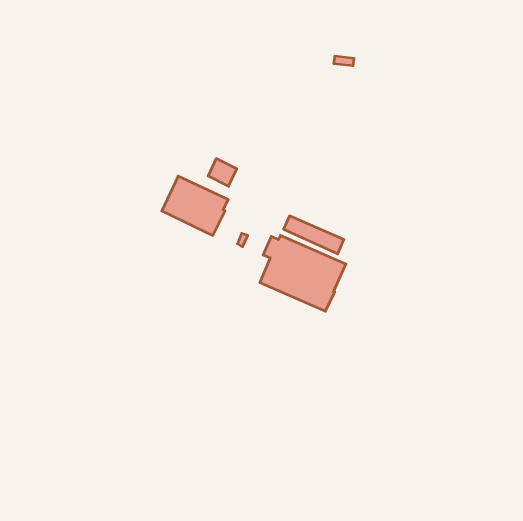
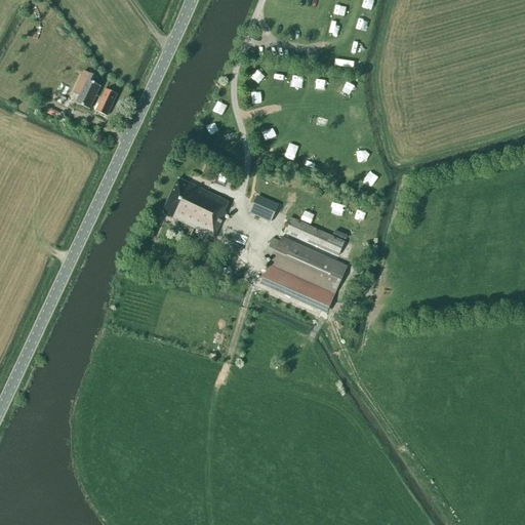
building: none -> [75,69,117,115]
building: [208,159,237,186] -> [249,195,278,223]

